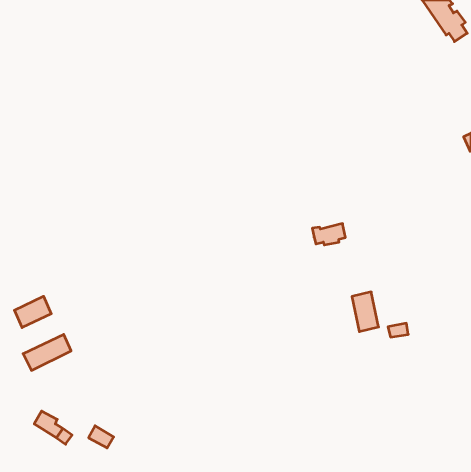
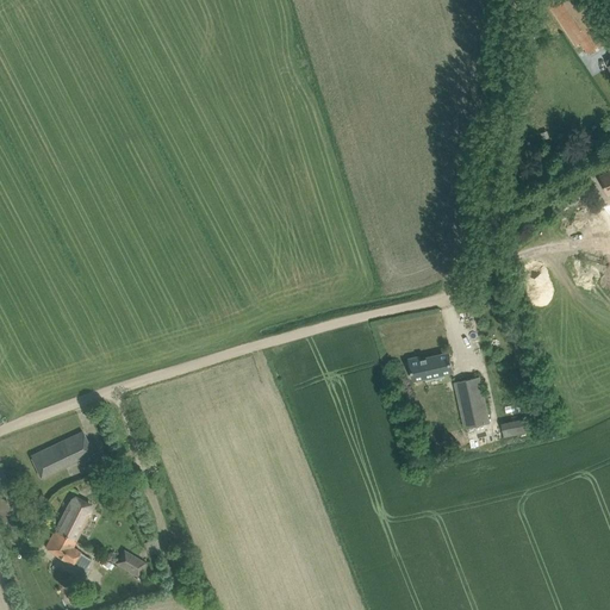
building: [312,224,345,245] -> [409,353,452,380]
building: [14,296,51,328] -> none
building: none -> [54,500,89,541]

